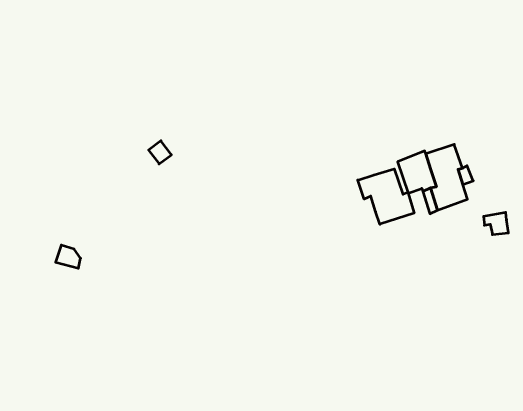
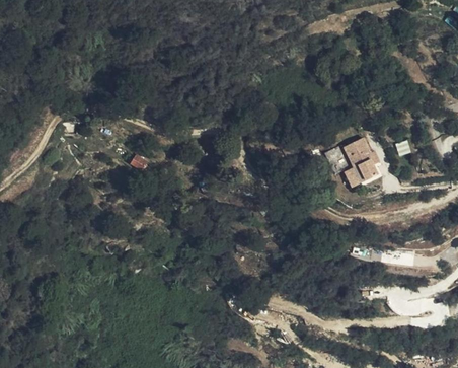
building: [358,169,414,224] -> none

